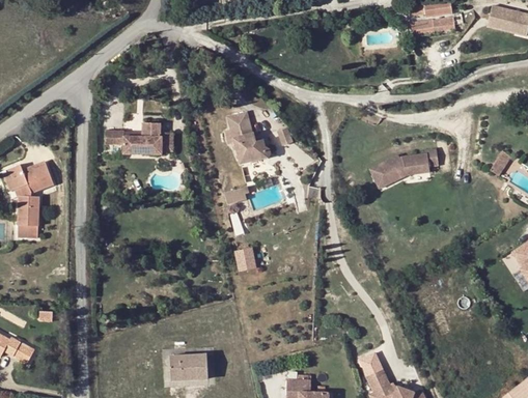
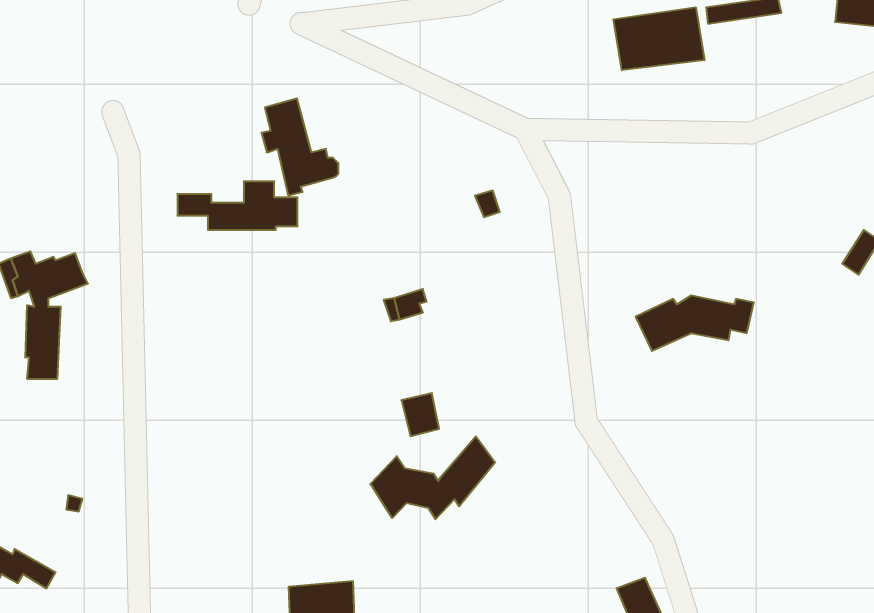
building: none -> [614,7,704,70]
building: [225,112,270,168] -> [261,99,338,195]
building: [372,154,441,187] -> [636,295,754,351]
building: none -> [370,436,495,519]

